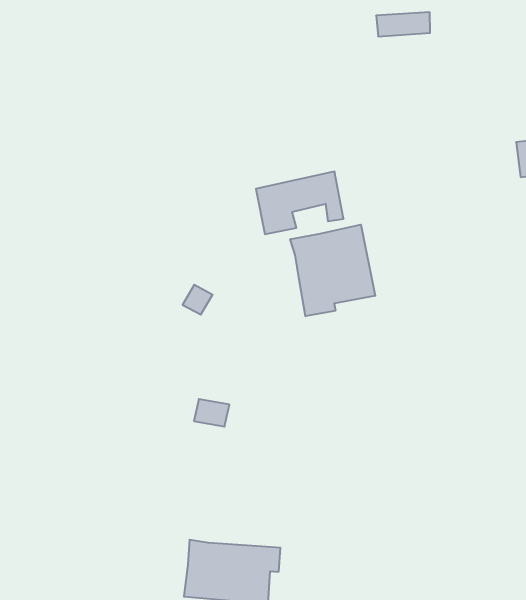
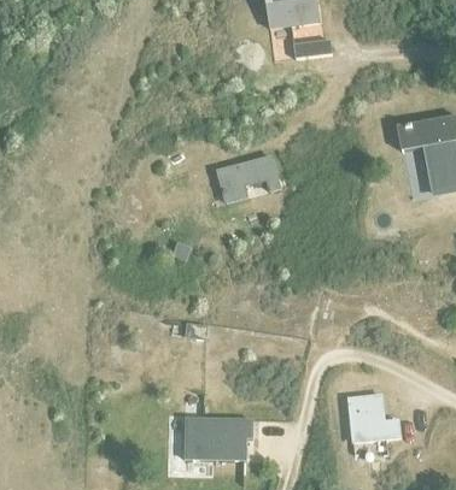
building: [290,225,375,316] -> none
building: none -> [349,395,399,442]

